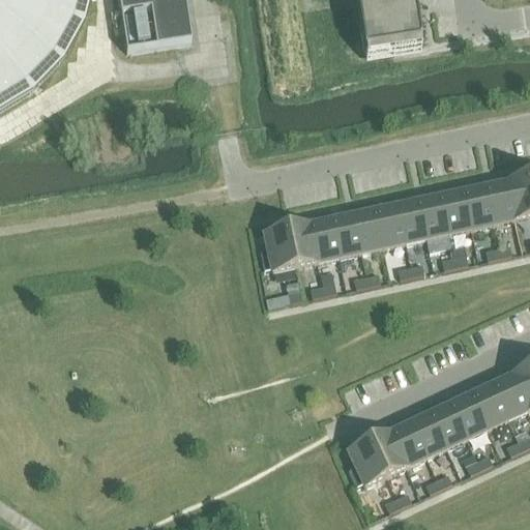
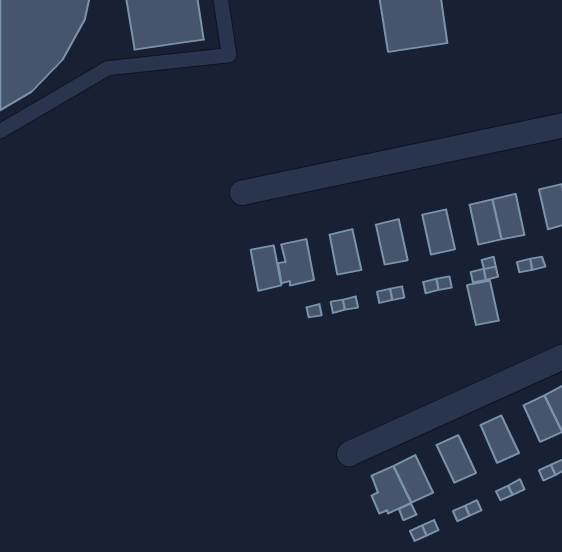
building: [485,178,516,220] -> none
building: [420,193,450,234] -> [467,281,499,325]
building: [376,202,406,244] -> none
building: [332,211,362,254] -> none
building: [289,220,318,263] -> [251,245,281,291]
building: [472,381,508,425] -> none
building: [432,400,468,444] -> none
building: [391,418,428,463] -> none

